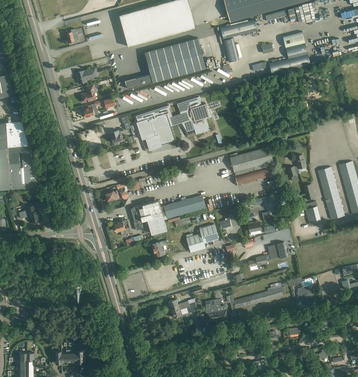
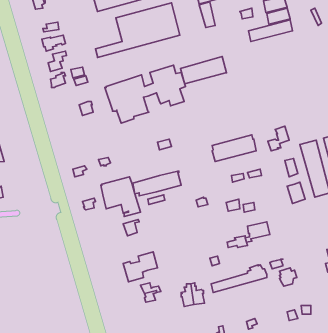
building: [229,146,272,172] -> [180,57,226,84]
building: [185,224,217,252] -> [123,252,158,282]

